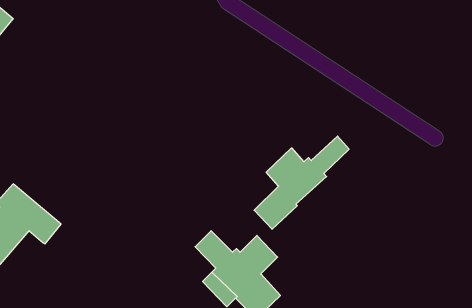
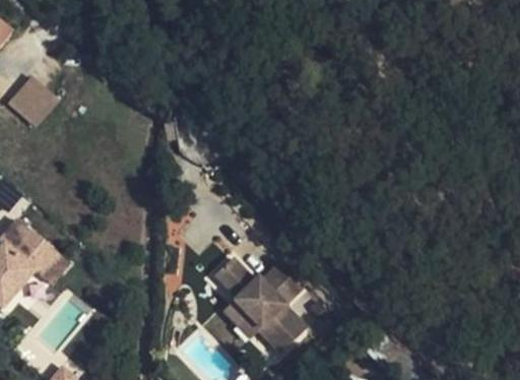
building: none -> [8,76,57,125]
building: [254,136,349,229] -> none

